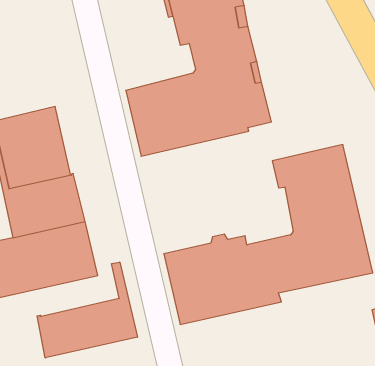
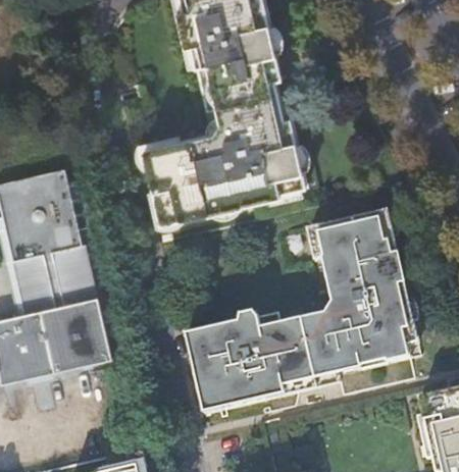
building: [37,262,137,358] -> none

